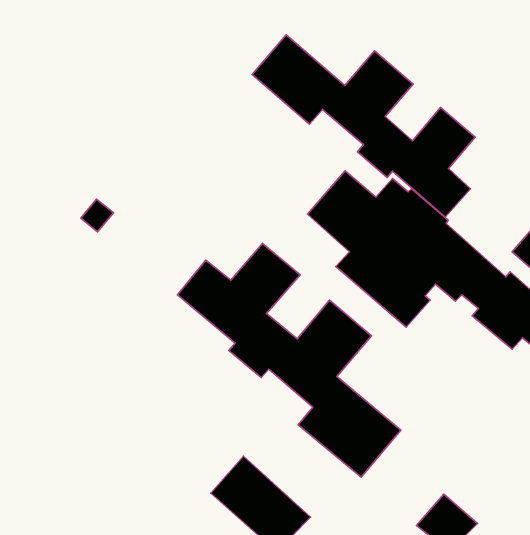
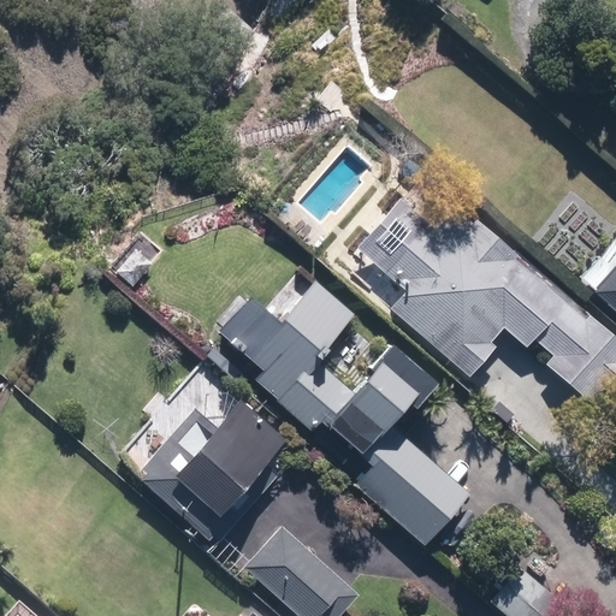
building: [252,35,475,217] -> none
building: none -> [138,398,288,546]

